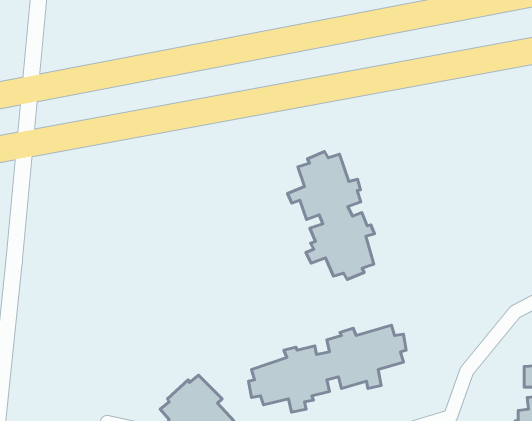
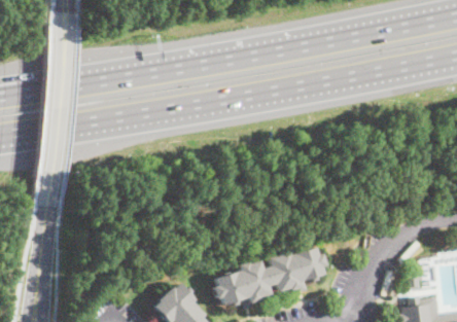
building: [287,152,374,280] -> none

